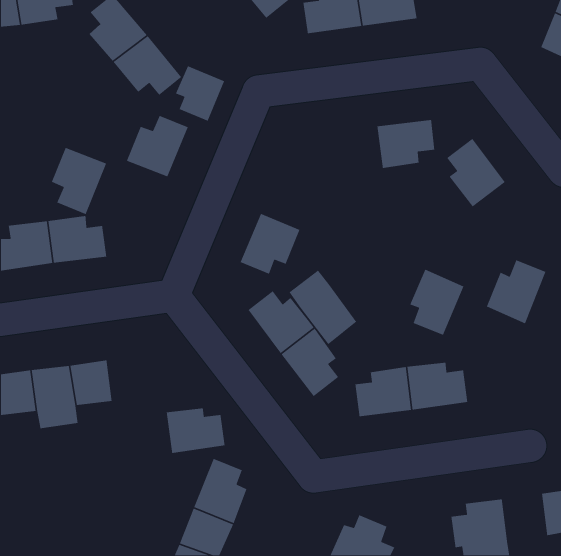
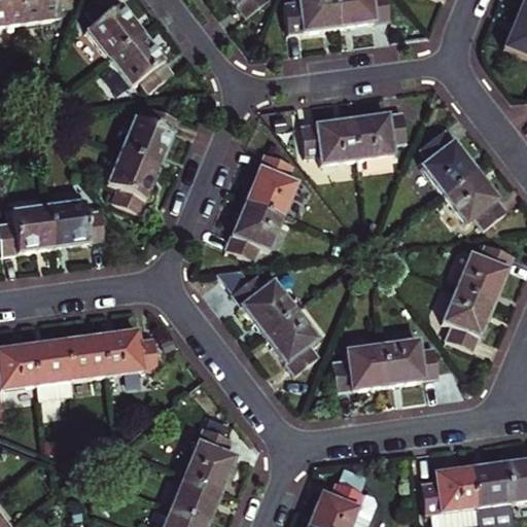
building: [175,65,225,122] -> none
building: none -> [304,117,359,163]
building: [51,147,107,215] -> [107,150,160,214]
building: none -> [246,150,297,214]
building: none -> [444,170,506,229]
building: [409,268,465,336] -> [442,286,493,349]
building: [288,270,357,345] -> none
building: [166,407,225,454] -> [103,331,159,375]
building: none -> [471,460,513,505]

